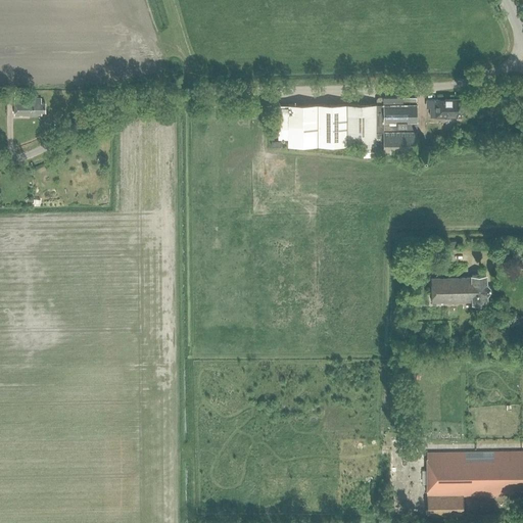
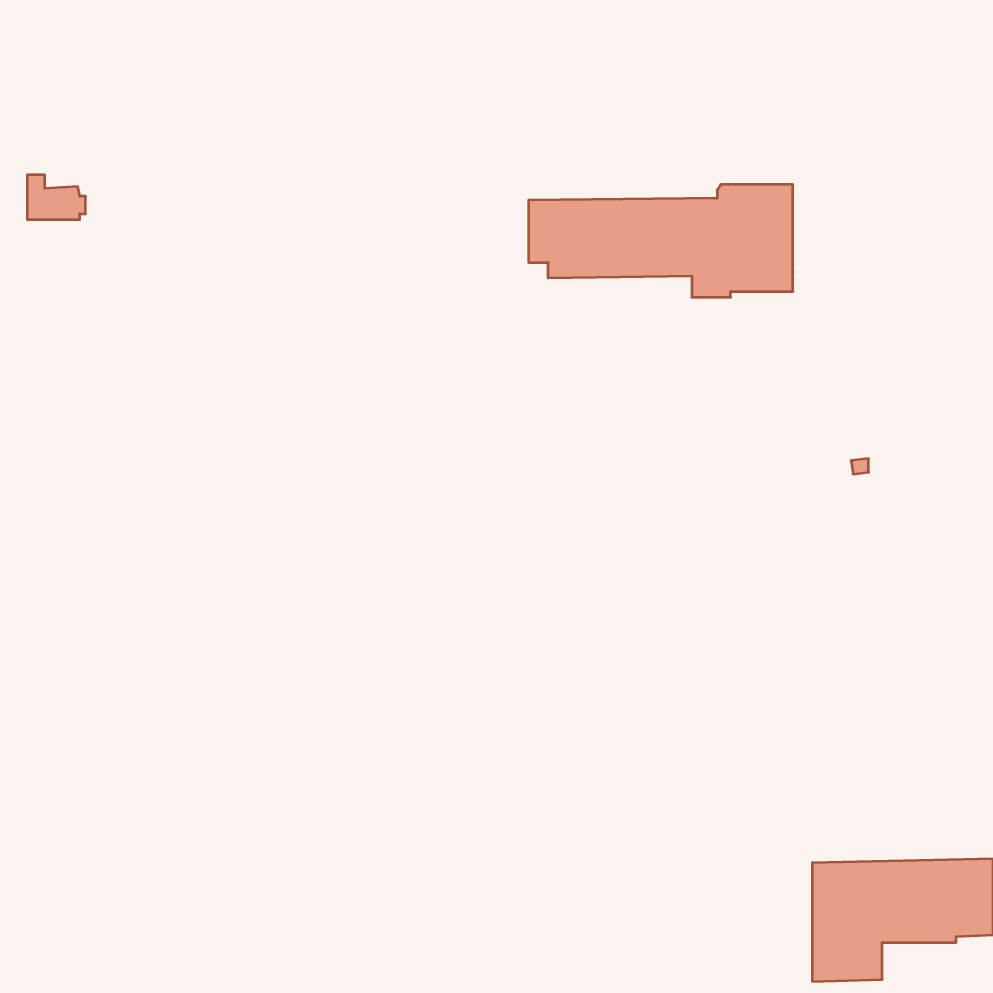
building: [426,100,462,117] -> none
building: [431,275,490,304] -> none

